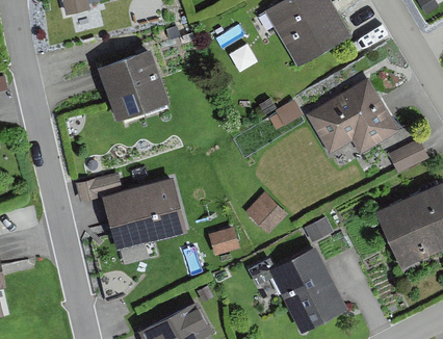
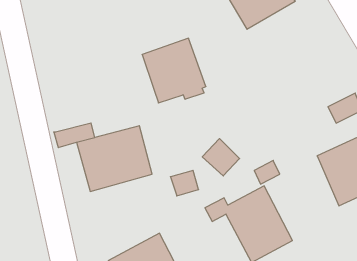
building: [97,47,170,121] -> [142,38,206,103]
building: [305,77,400,155] -> none

